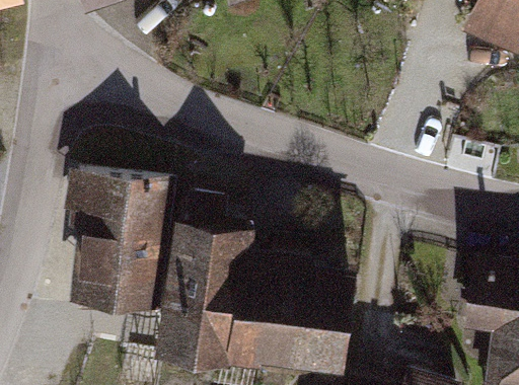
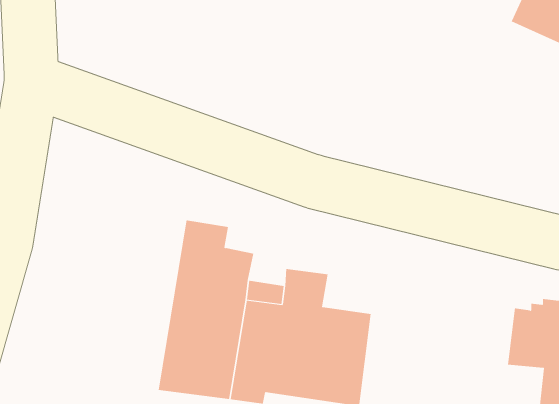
building: [72,176,171,319] -> none

